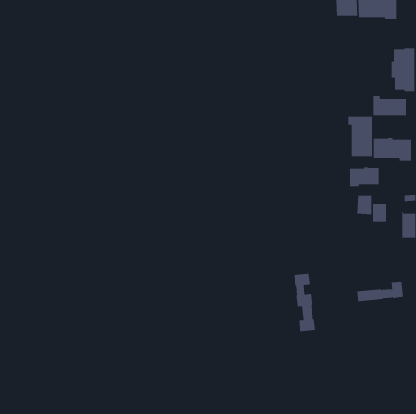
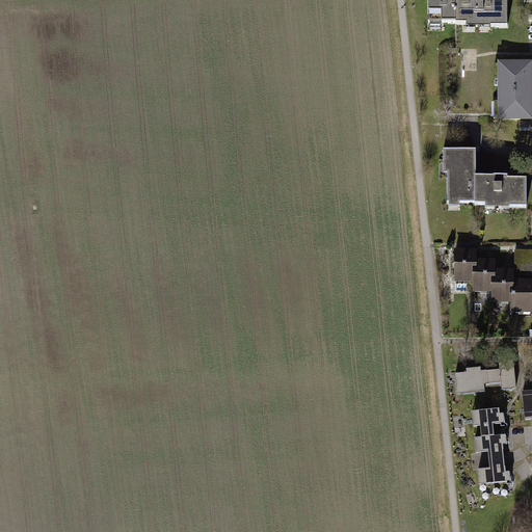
building: [373,95,409,116] -> none
building: [349,167,379,187] -> none
building: none -> [494,265,512,294]
building: [294,273,316,332] -> [479,407,507,482]

